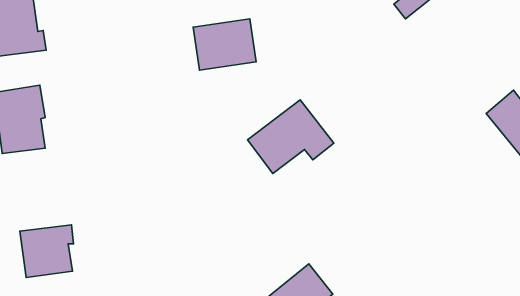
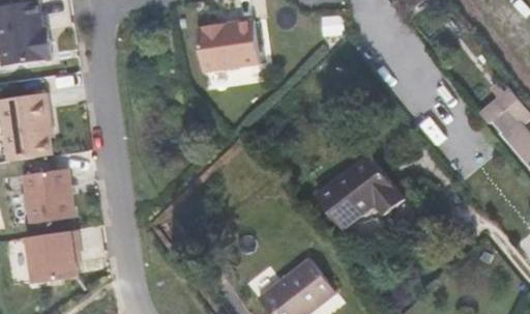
building: [248,100,334,174] -> [318,159,403,231]
building: none -> [22,163,72,217]

